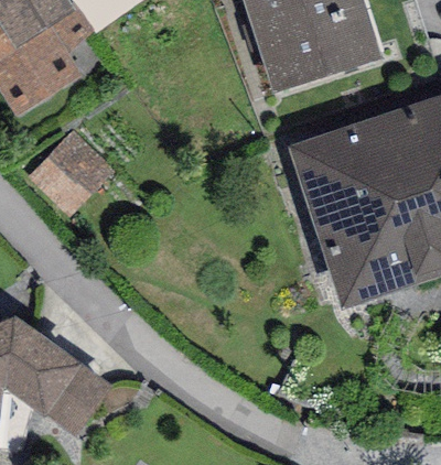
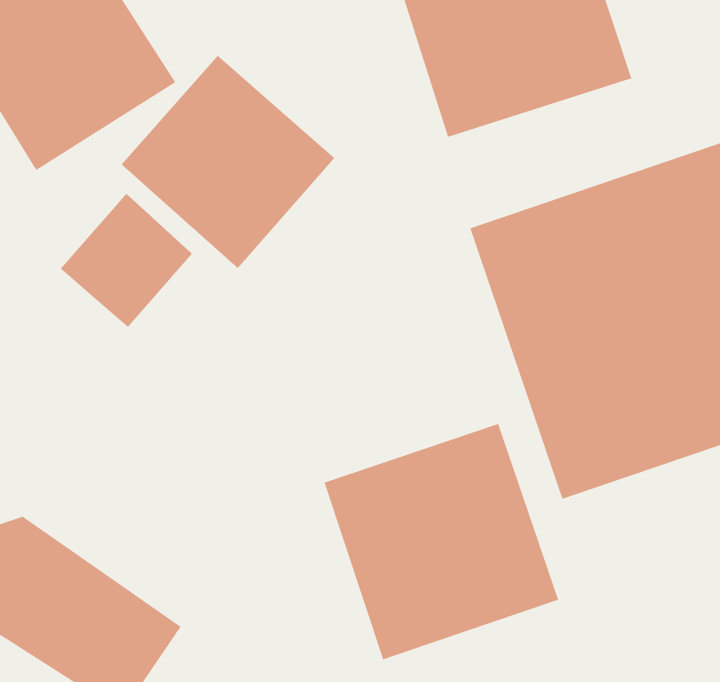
building: none -> [121,55,335,269]
building: none -> [324,423,559,660]

